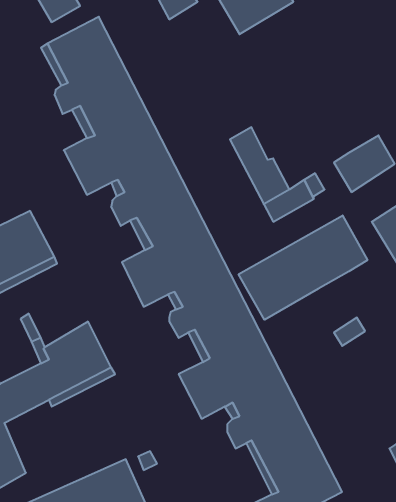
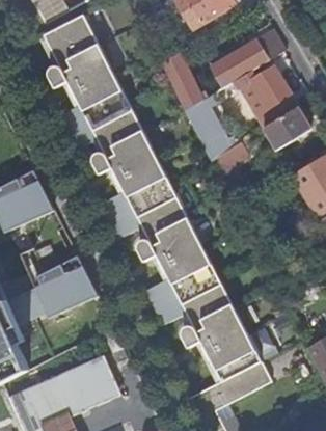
building: none -> [161,36,283,110]
building: none -> [252,66,299,120]
building: [239,215,367,320] -> none

